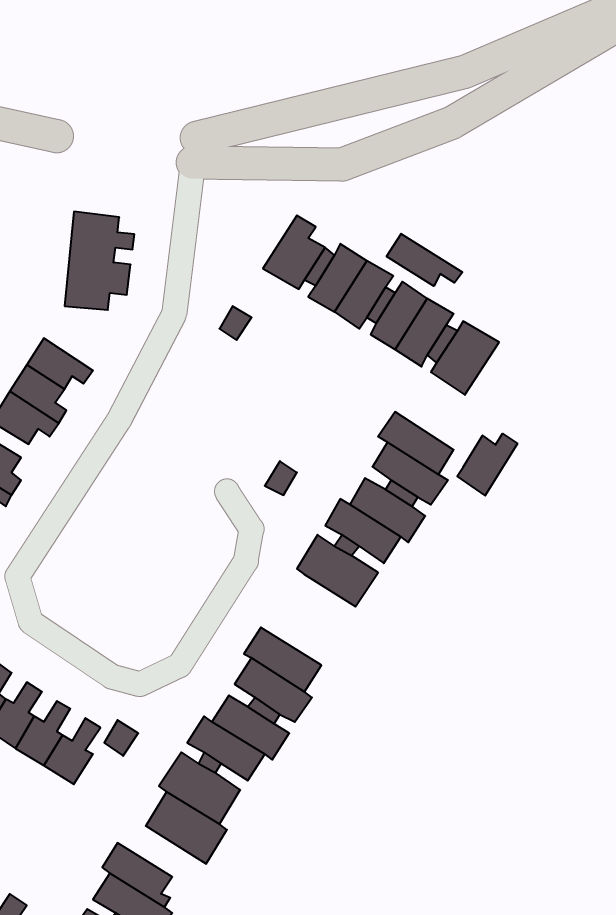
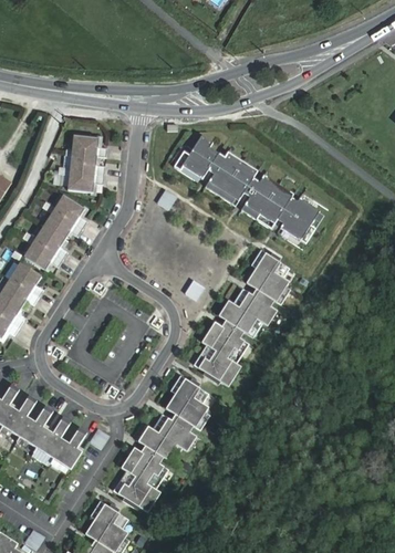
building: [387,234,462,286] -> none
building: none -> [53,192,86,226]
building: [457,434,517,496] -> none
building: none -> [194,345,241,387]

